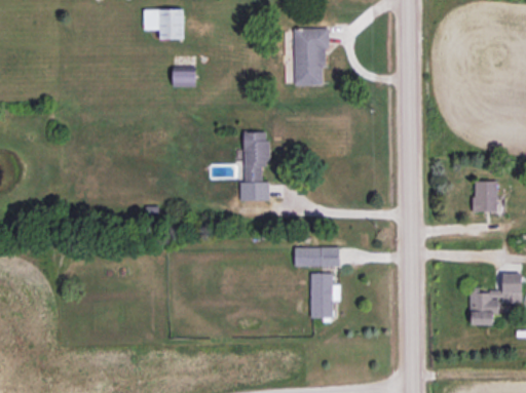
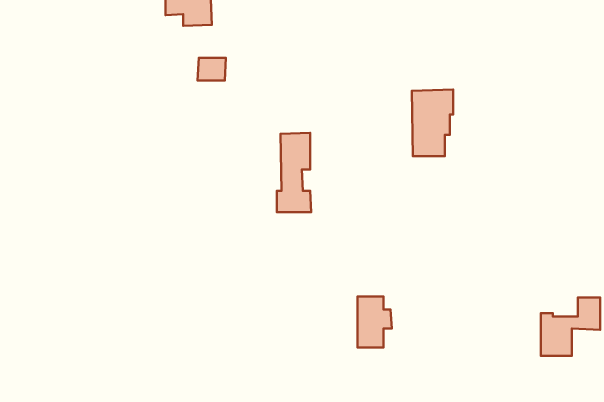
building: [294,28,330,85] -> [412,90,453,156]
building: [473,181,497,211] -> none
building: [294,246,339,267] -> none

